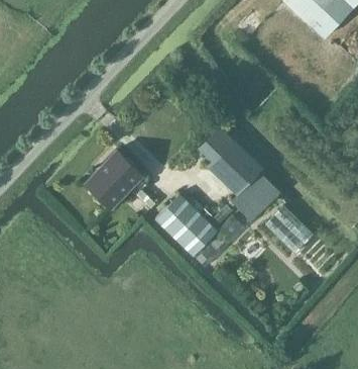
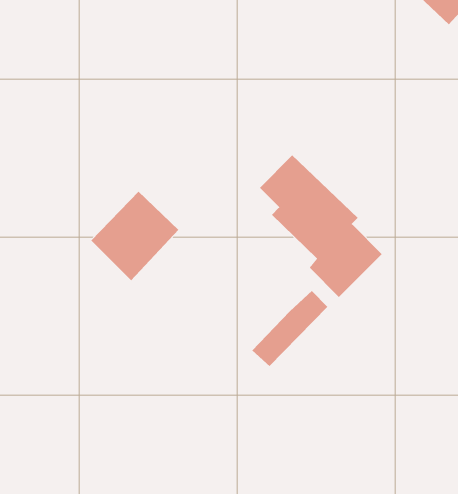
building: [156,193,219,257] -> none
building: [264,208,313,256] -> none

